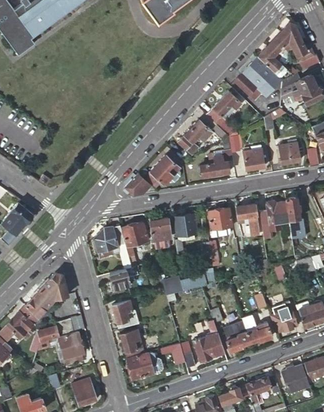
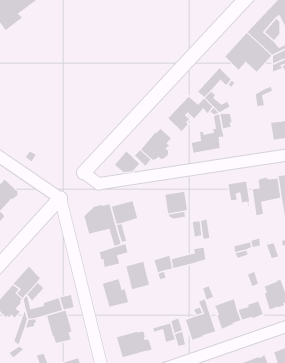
building: [242,147,265,169] -> none
building: [209,207,233,236] -> none
building: [151,217,172,250] -> none
building: [41,271,69,299] -> none
building: [121,328,145,357] -> [125,261,150,290]

